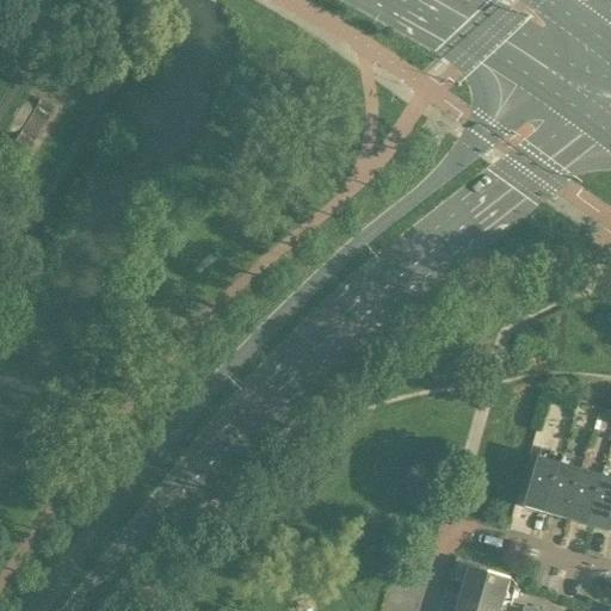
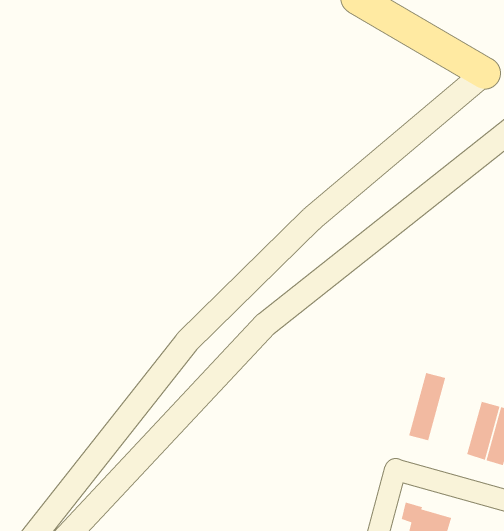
building: none -> [408,372,446,441]

